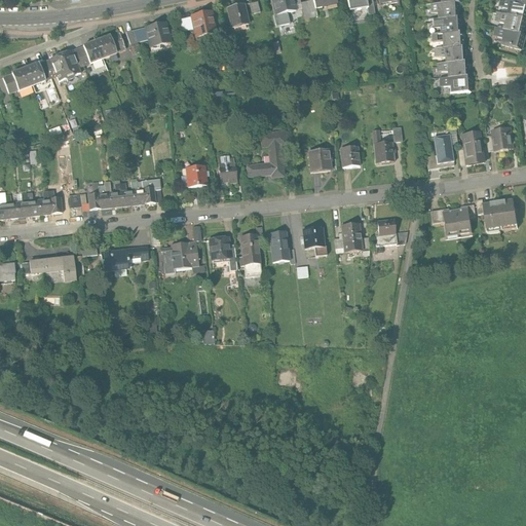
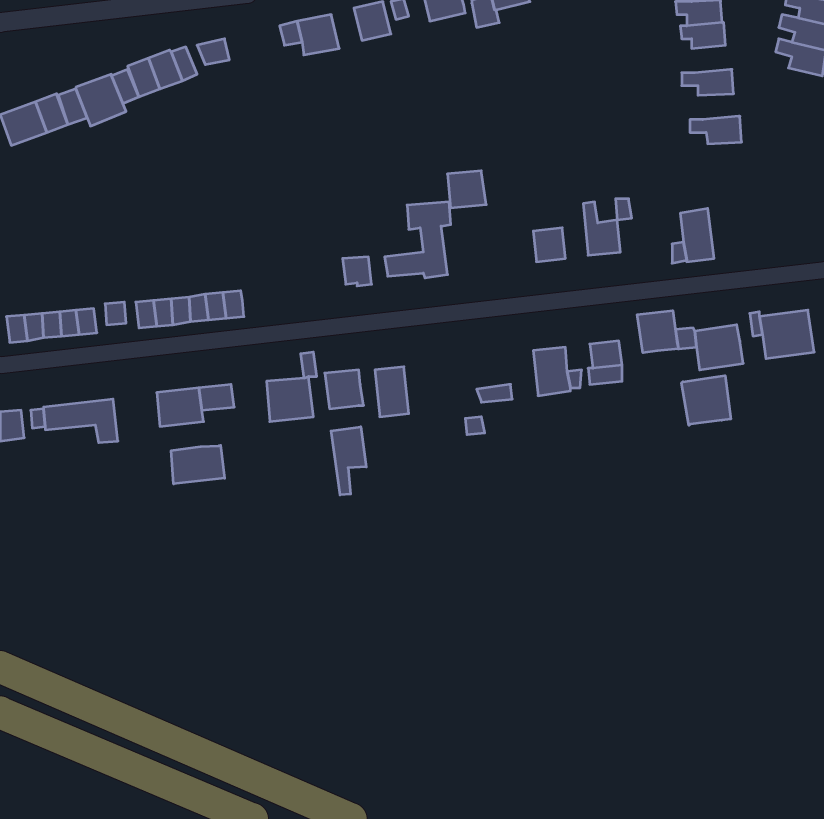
building: [144,20,173,46] -> none
building: [431,29,465,46] -> none
building: [437,59,471,76] -> none
building: [492,125,516,150] -> none
building: [461,129,487,164] -> none
building: [307,147,332,171] -> [447,171,486,208]
building: [185,163,208,186] -> none
building: none -> [637,311,678,353]
building: [302,226,325,248] -> none
building: [269,229,290,261] -> none
building: none -> [682,376,731,425]
building: none -> [331,427,366,495]
building: none -> [171,445,225,484]

